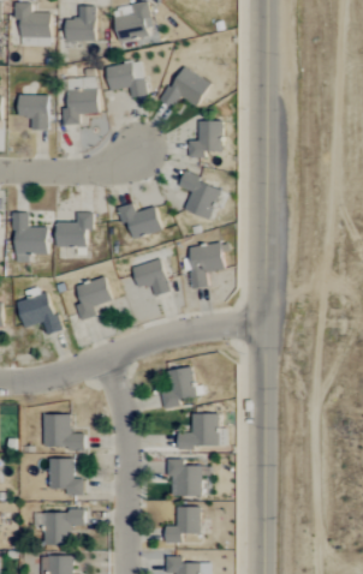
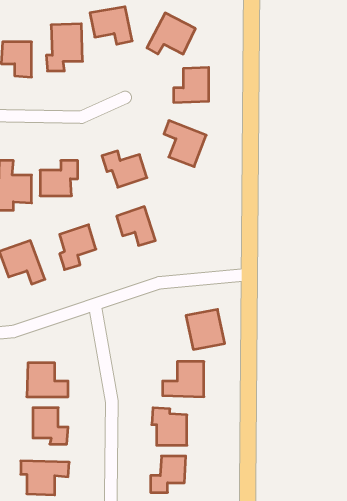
building: [186,244,225,289] -> none
building: [160,366,198,406] -> [186,309,225,349]

